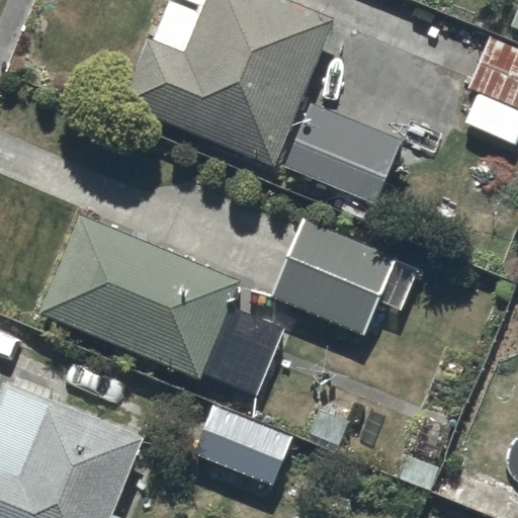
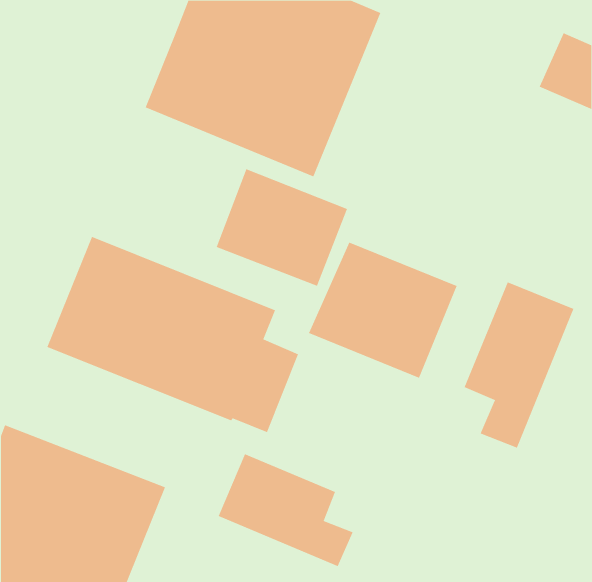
building: [286,104,402,207] -> [216,168,348,286]
building: none -> [464,282,574,448]

